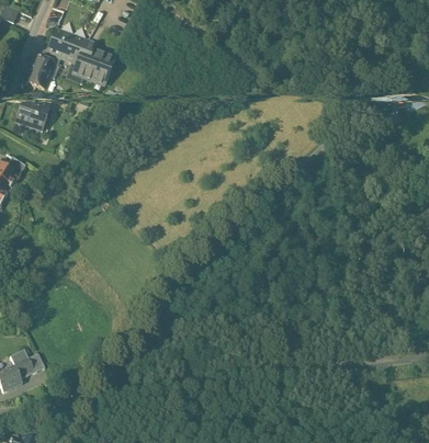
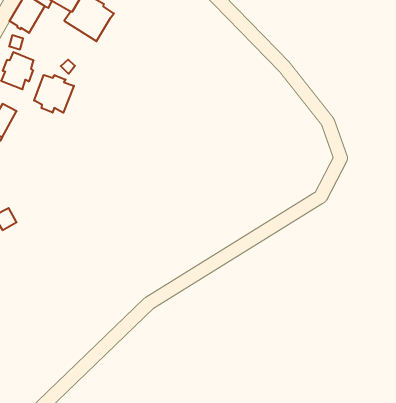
building: none -> [34,75,74,113]

